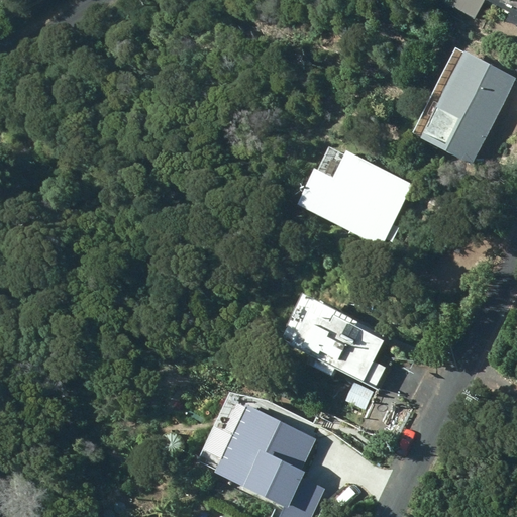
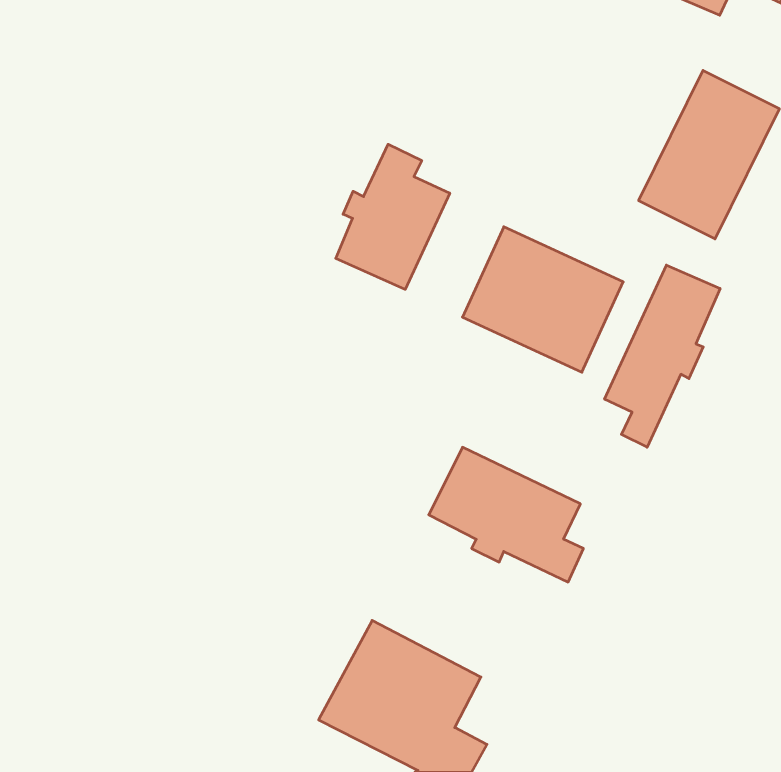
building: none -> [336,144,450,289]
building: none -> [605,265,720,447]

